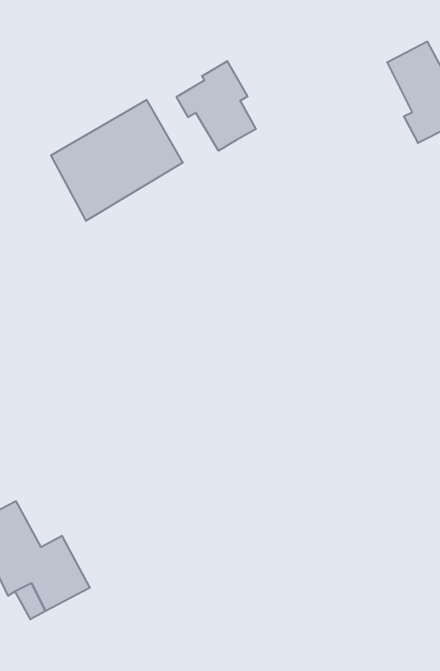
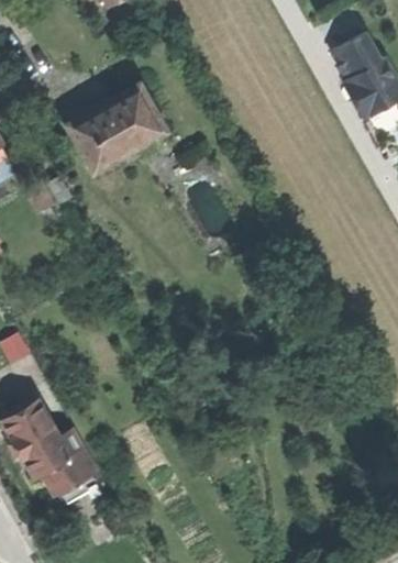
building: [177,61,256,151] -> none

